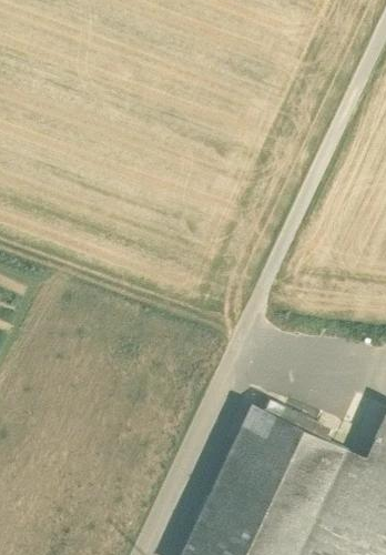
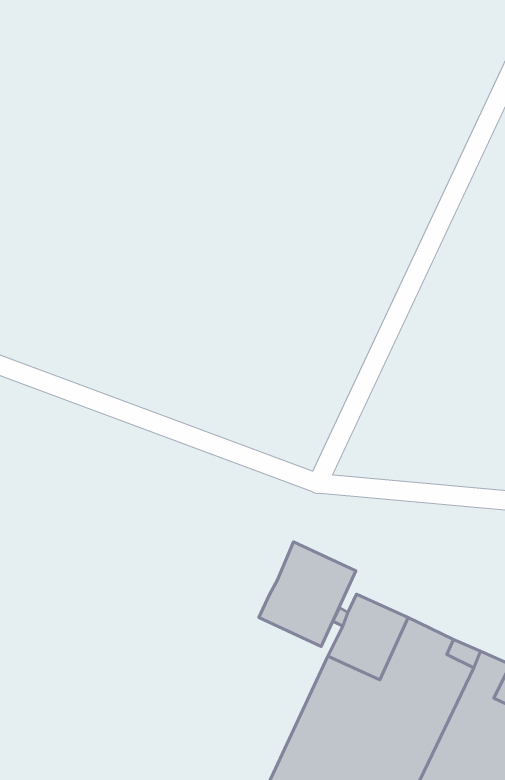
building: none -> [259,542,356,647]

